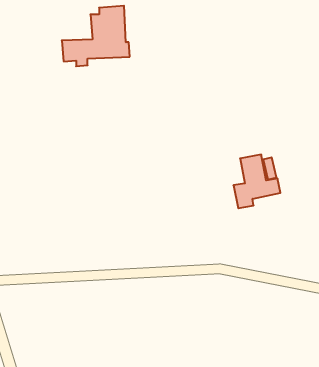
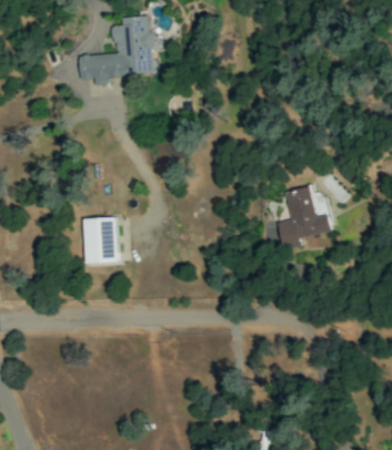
building: none -> [83,218,117,264]

